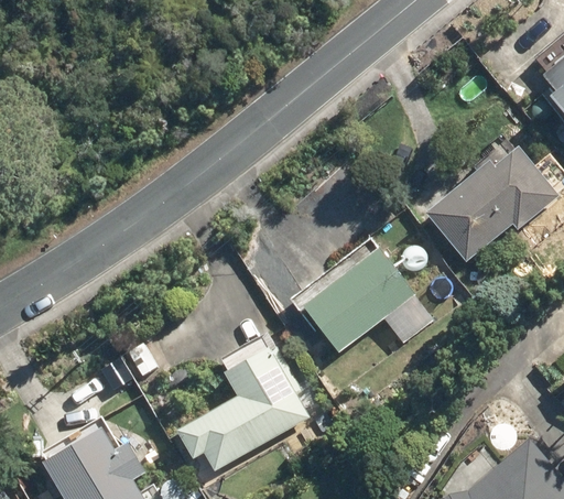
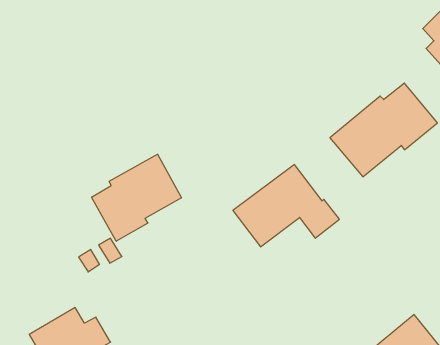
building: none -> [92,154,181,241]
building: [177,345,310,469] -> none

